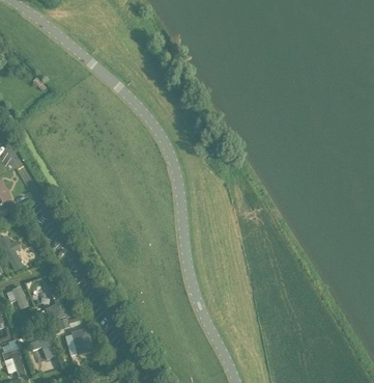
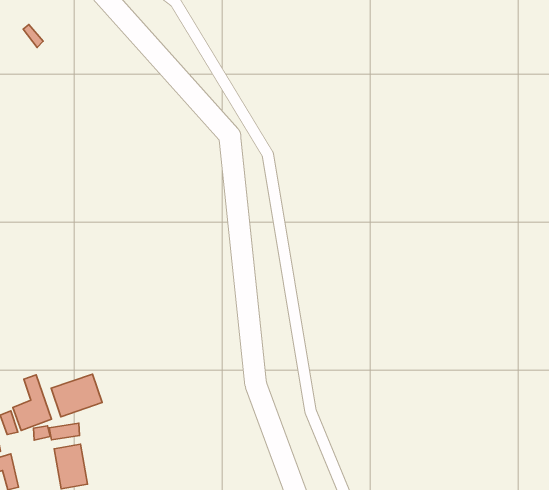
building: none -> [51,374,102,417]

